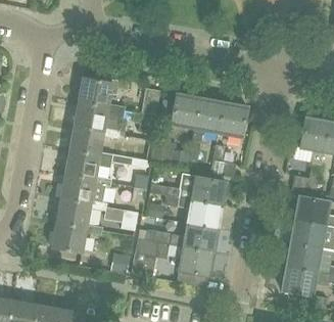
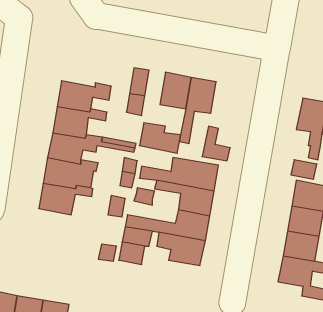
building: [78,77,130,107] -> none
building: [219,102,248,137] -> none
building: [51,222,103,252] -> none

